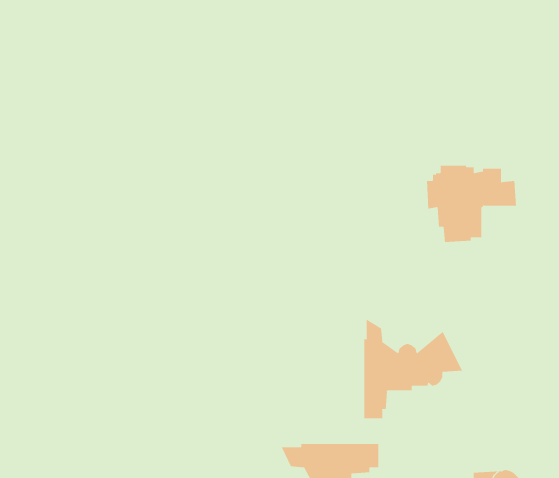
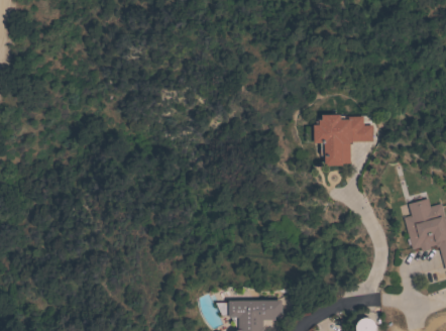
building: [364,318,463,419] -> none

